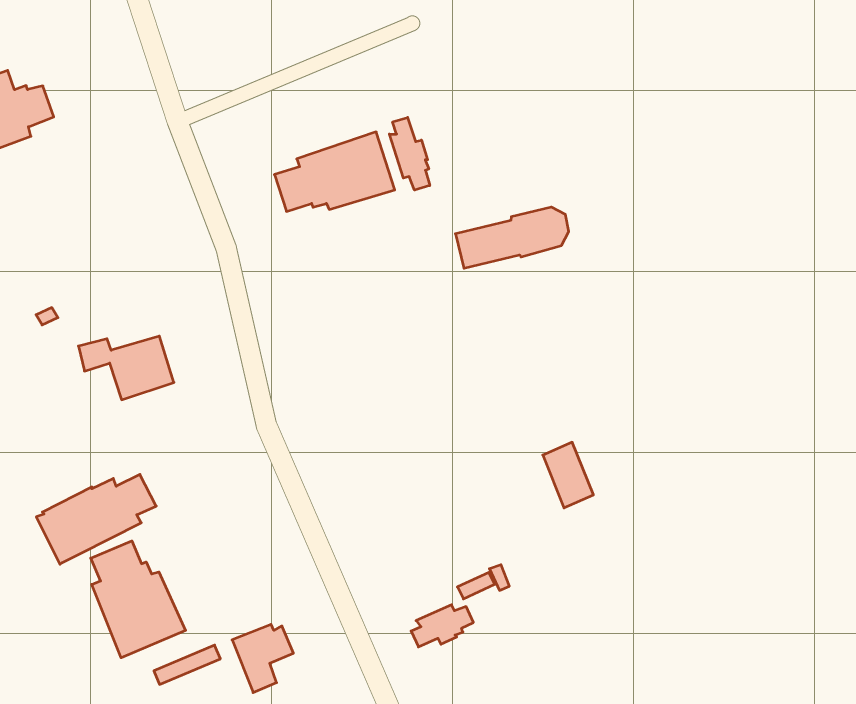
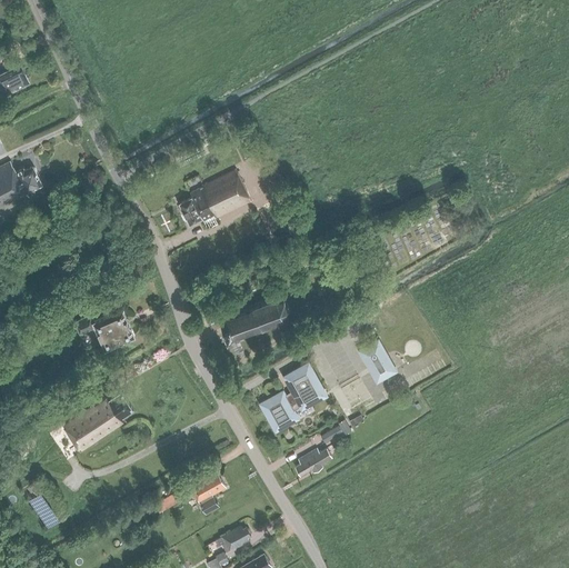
building: [389,117,430,190] -> none
building: [455,207,569,268] -> [219,298,287,341]
building: none -> [261,366,323,429]
building: [91,541,186,658] -> none

